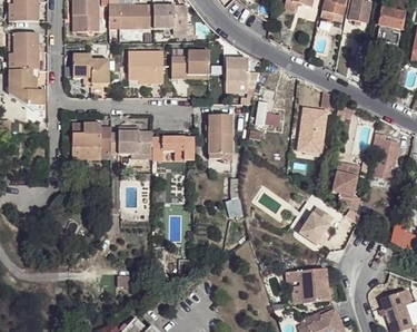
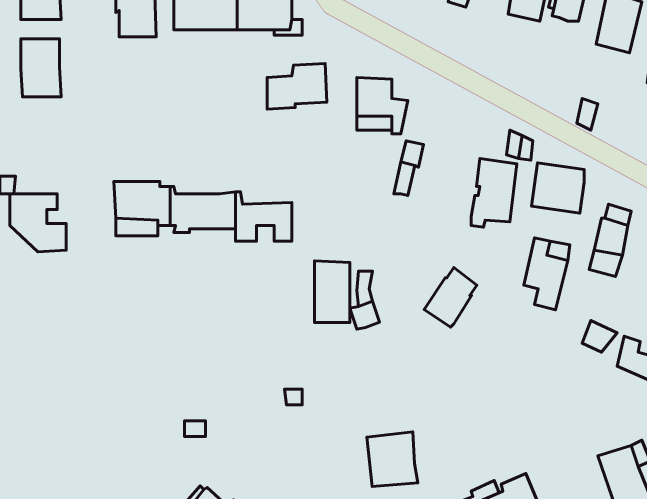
building: [128,50,161,82] -> none
building: [72,53,107,82] -> none
building: [9,69,44,106] -> [10,194,66,252]
building: none -> [531,163,584,213]
building: [209,114,231,153] -> [315,261,350,322]
building: [297,206,330,244] -> [424,267,477,327]
building: [296,267,328,302] -> [367,432,418,486]

